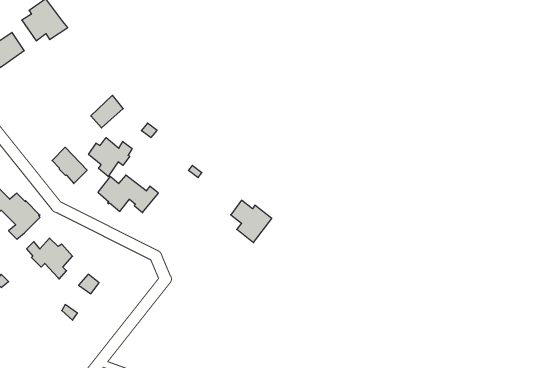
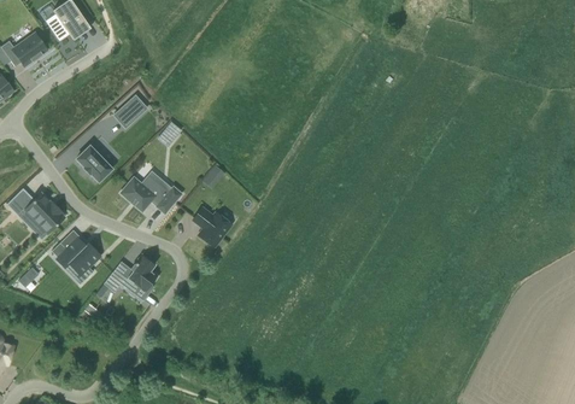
building: [89,138,132,177] -> none
building: [231,200,272,243] -> [190,206,231,248]
building: none -> [124,256,156,300]

